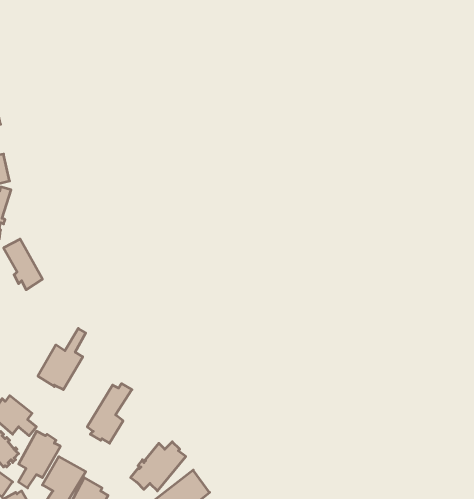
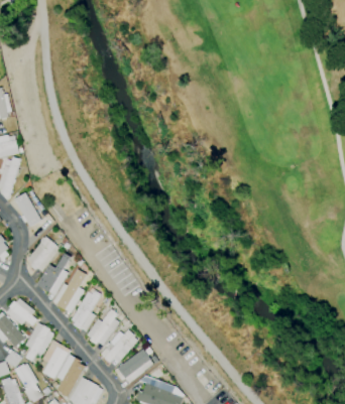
building: none -> [27,236,61,271]
building: none -> [52,268,86,312]
building: none -> [87,308,119,345]

